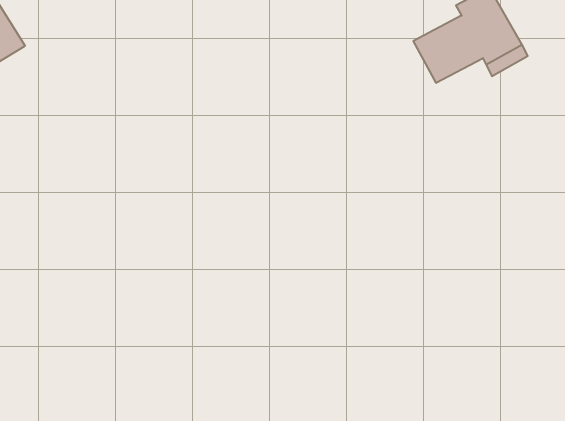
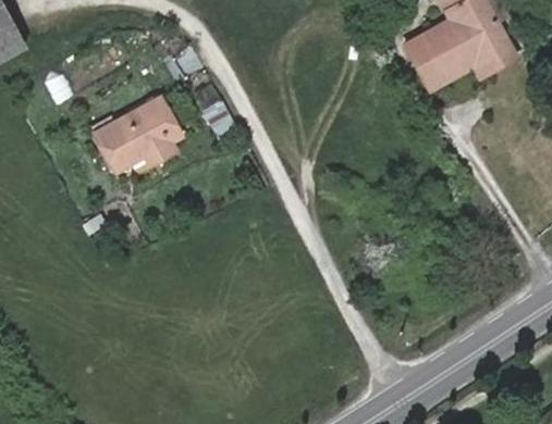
building: none -> [98,97,183,170]

